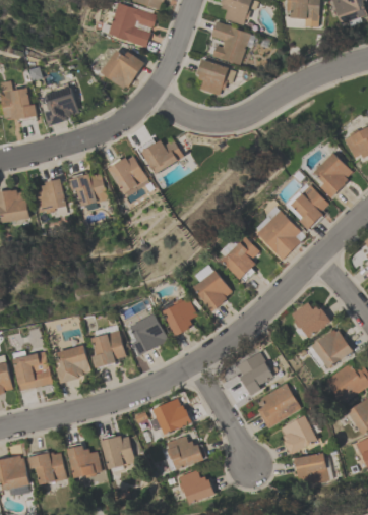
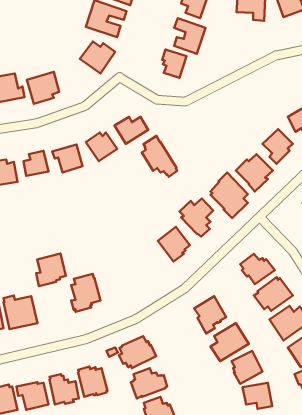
building: none -> [142,136,177,177]
building: [162,297,197,335] -> none
building: [130,312,167,355] -> none
building: [56,344,90,383] -> [36,253,66,286]

